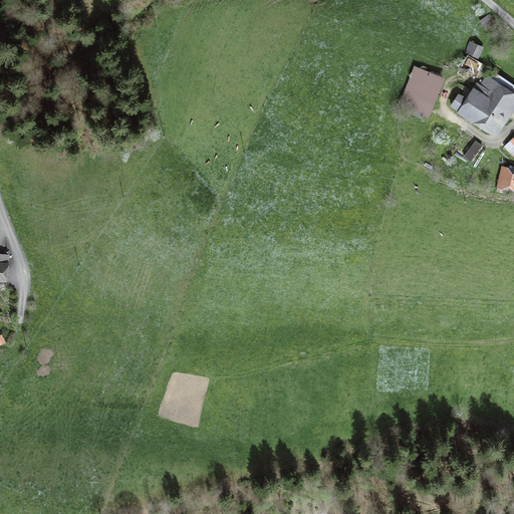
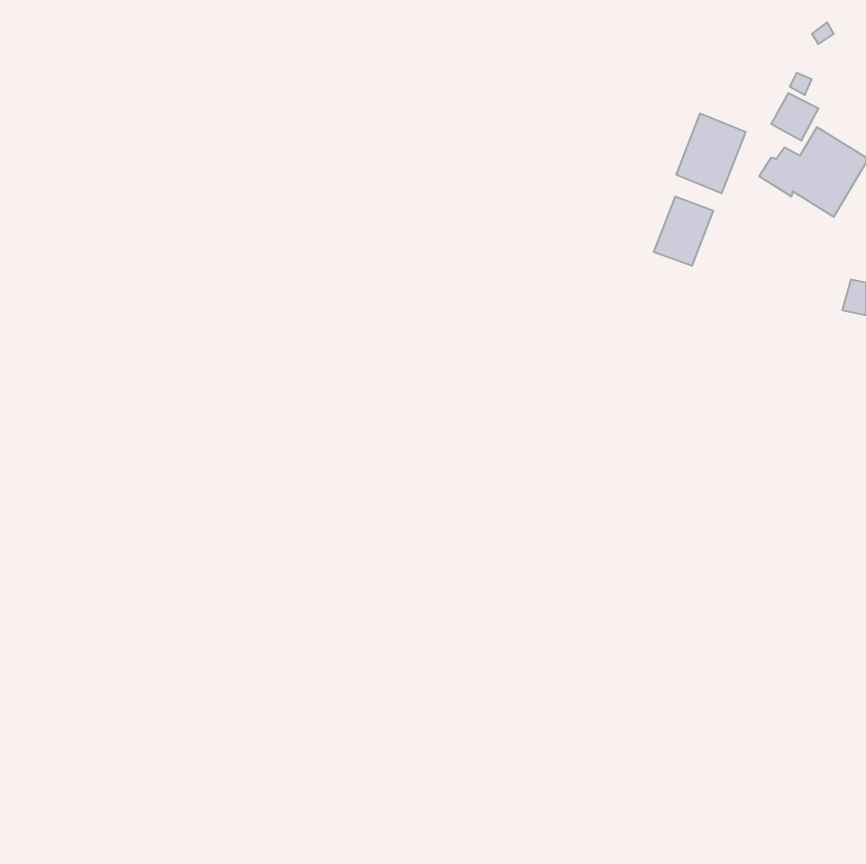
building: none -> [654,197,713,266]

